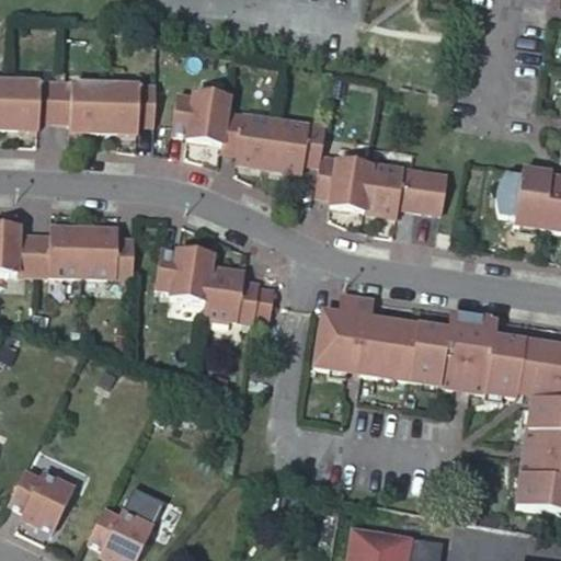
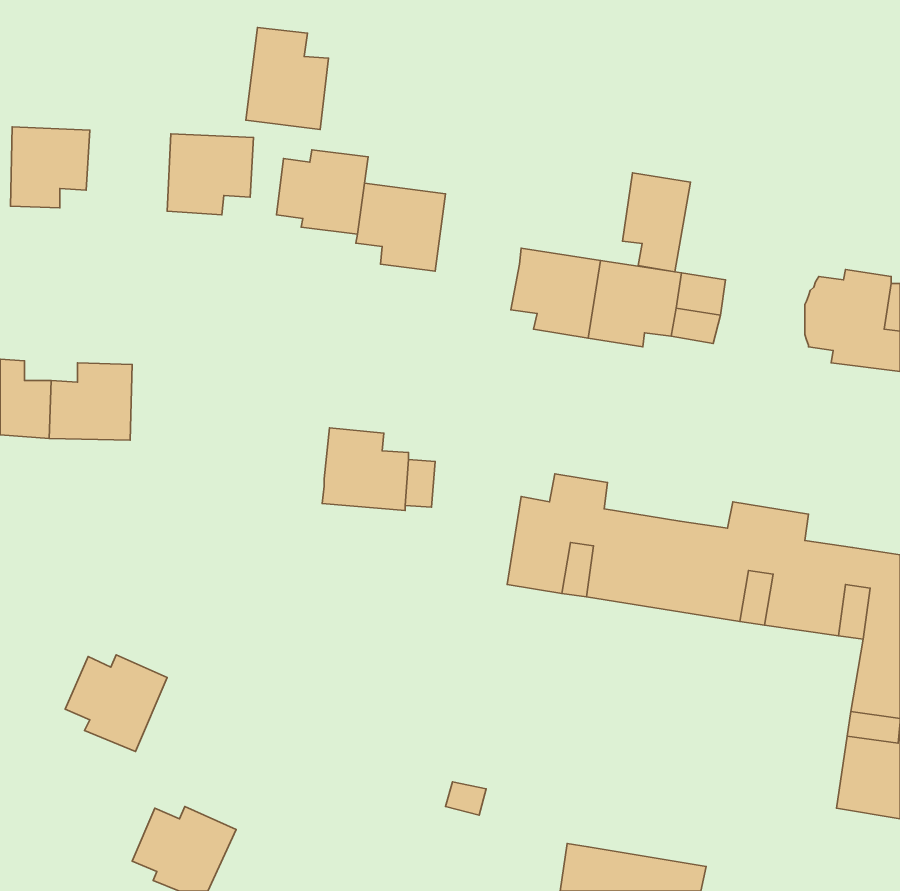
building: none -> [246,27,329,129]
building: [54,81,106,131] -> none
building: none -> [622,173,690,272]
building: [271,121,328,173] -> none
building: [81,227,131,276] -> none
building: [151,249,206,298] -> none
building: [4,468,68,528] -> [65,655,167,752]

